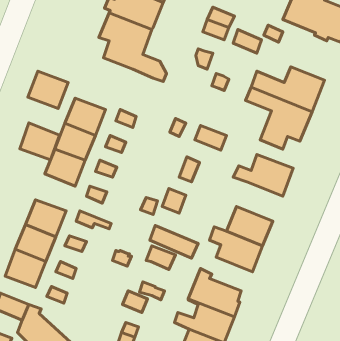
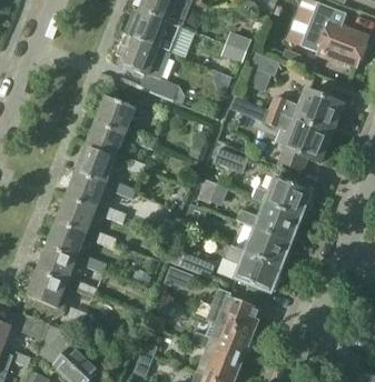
building: [28,71,68,108] -> [96,94,136,131]
building: [20,123,59,160] -> [57,194,96,231]
building: none -> [237,202,300,241]

